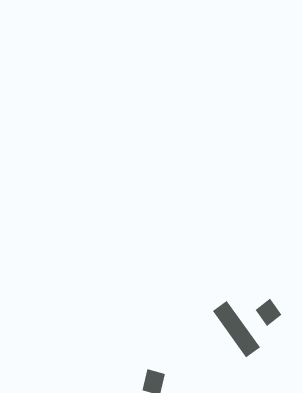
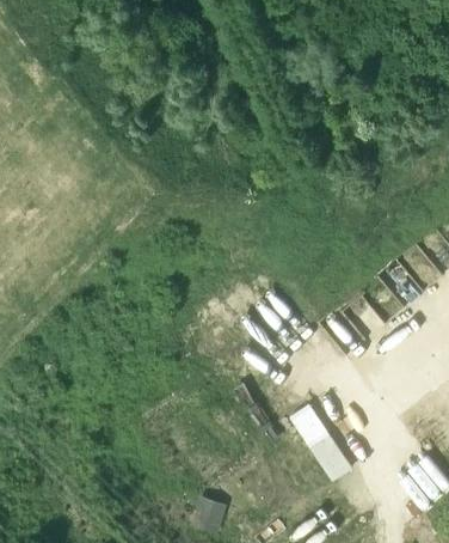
building: [254,298,283,327] -> none

